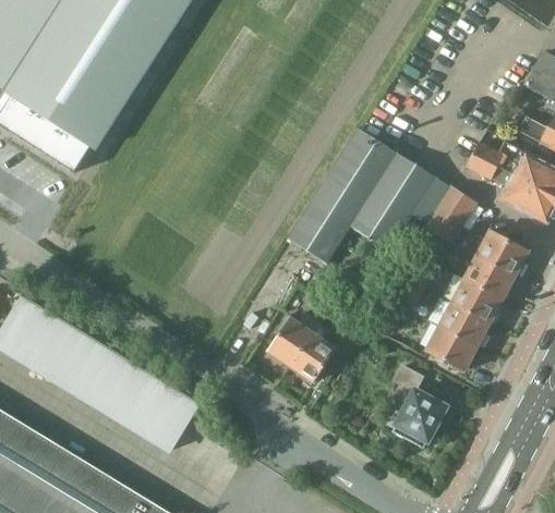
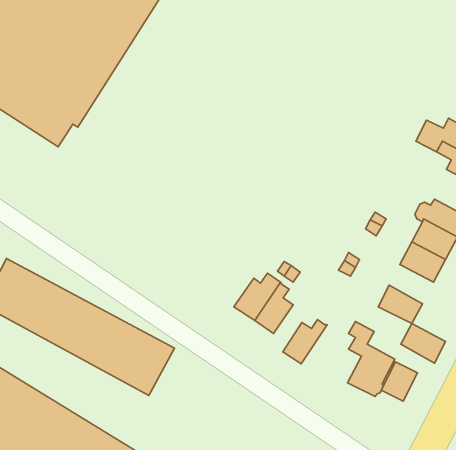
building: [287,127,476,264] -> none
building: [439,303,488,346] -> [401,324,445,363]
building: none -> [283,320,327,364]
building: none -> [381,362,417,401]

